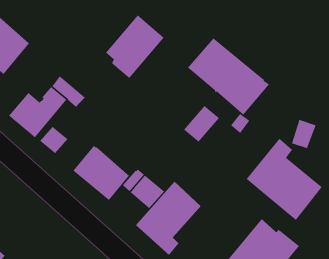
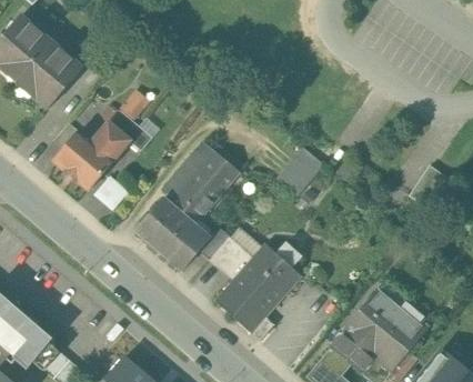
building: [105,14,164,79] -> [162,141,238,223]
building: [187,37,270,116] -> none
building: [246,138,323,221] -> none

